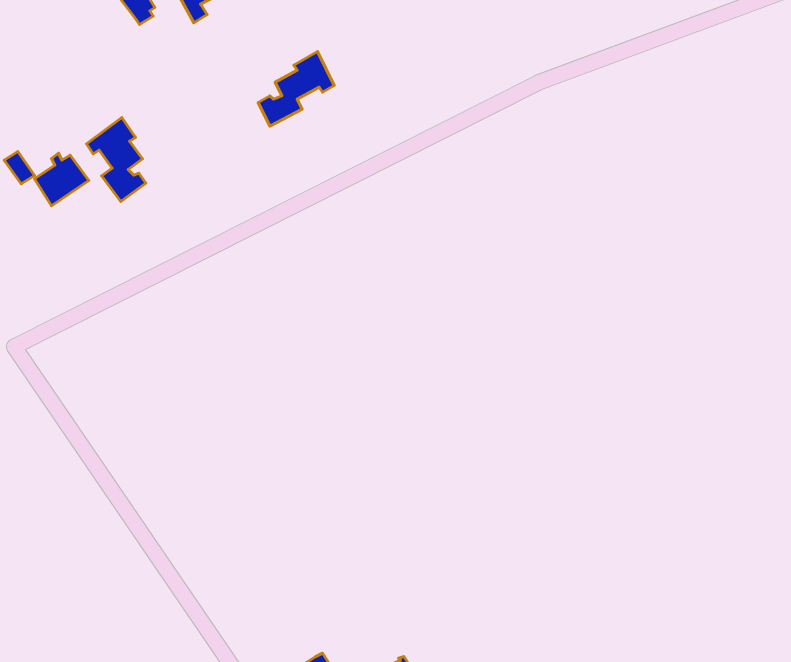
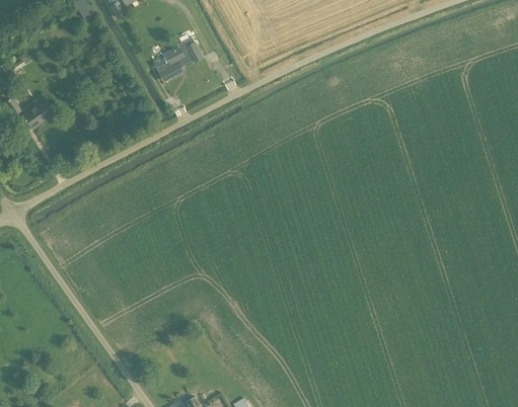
building: [86,117,146,202] -> none

